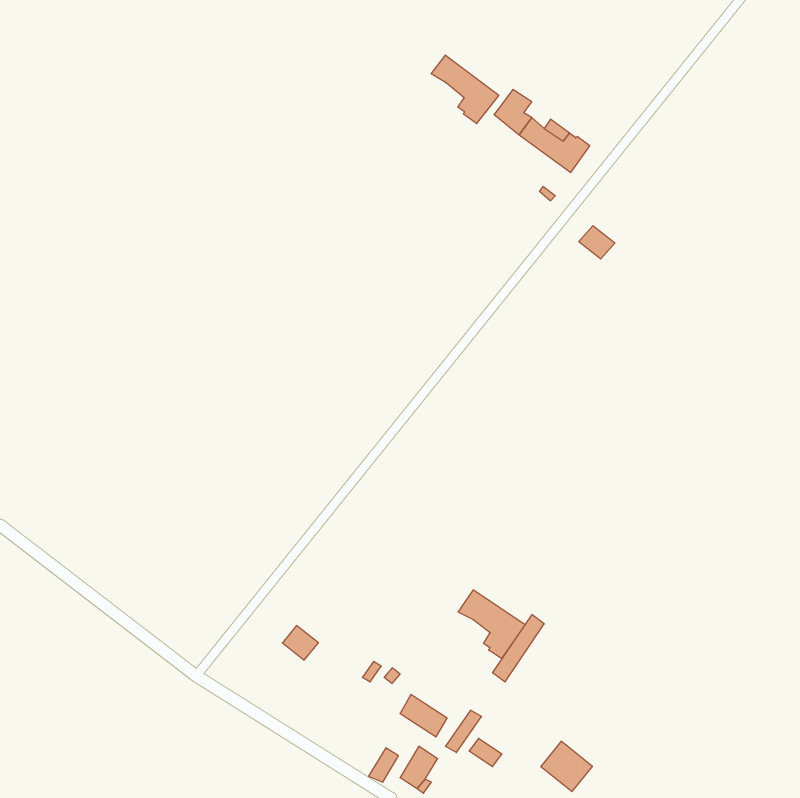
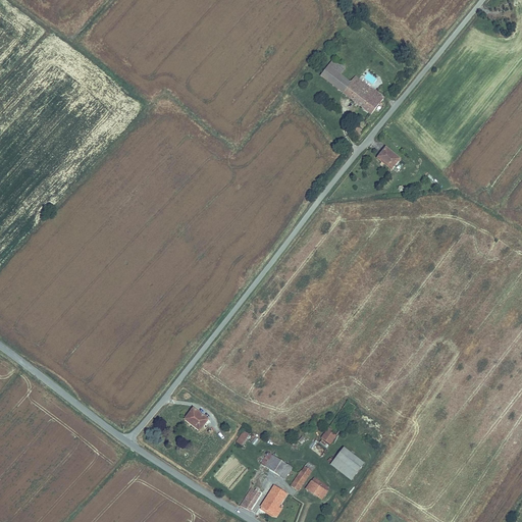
building: [431,55,499,124] -> none
building: [458,590,525,658] -> none
building: [541,741,592,791] -> [331,446,365,478]

